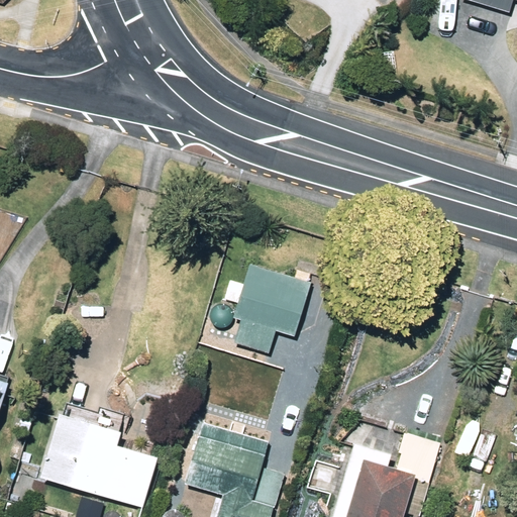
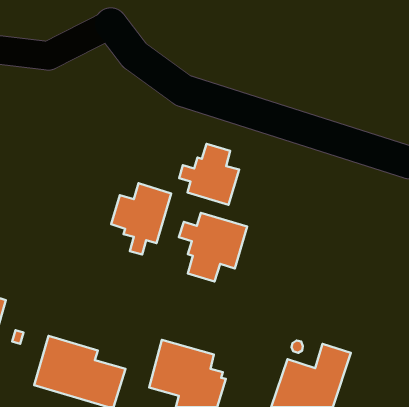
building: none -> [179,144,239,205]
building: none -> [111,183,171,254]

